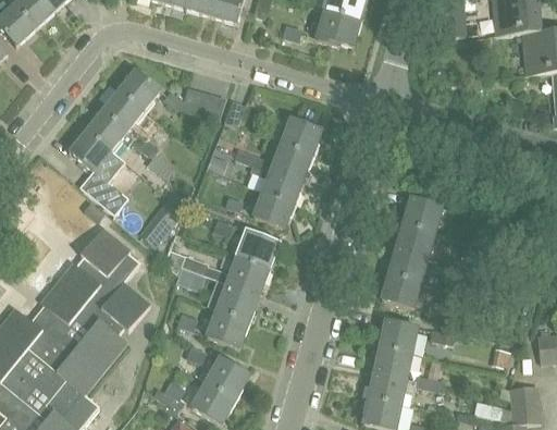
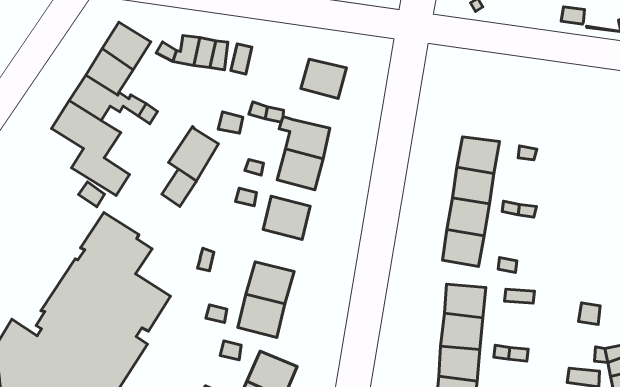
building: [271,142,311,177] -> none
building: none -> [169,126,218,181]
building: [226,256,268,294] -> none

